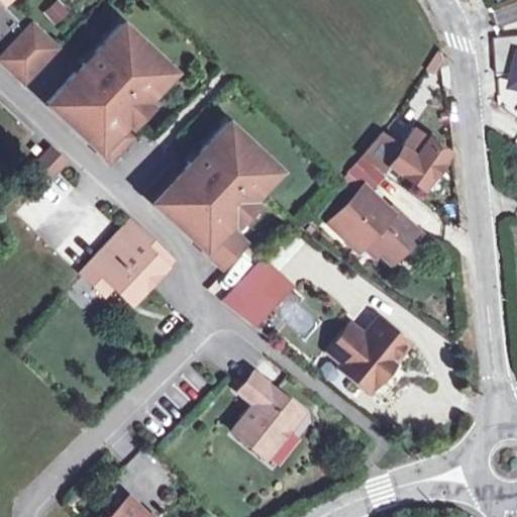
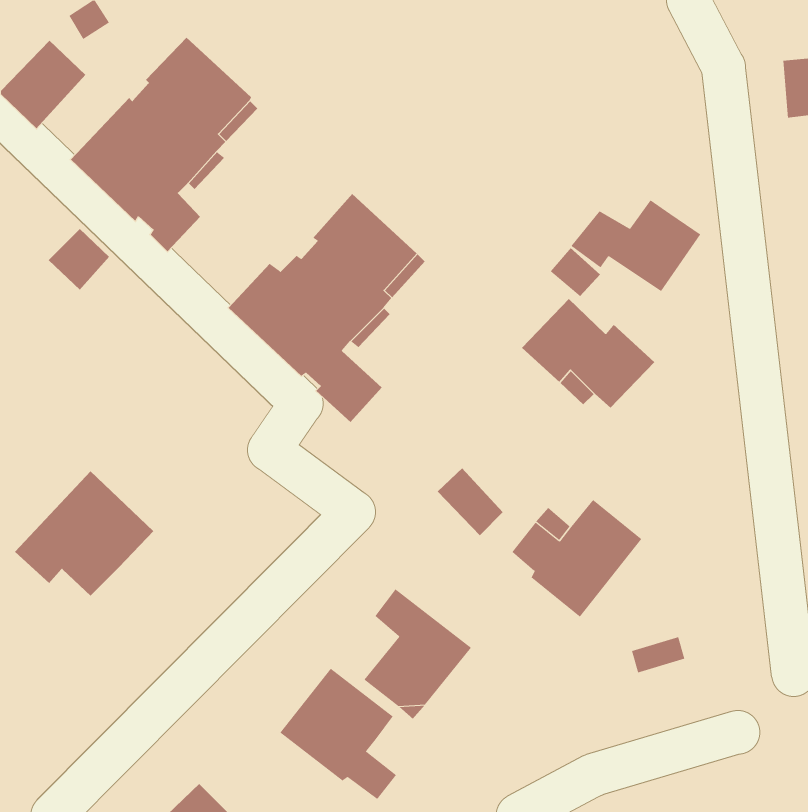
building: [84,223,173,303] -> [14,471,154,597]
building: [224,261,293,326] -> none
building: none -> [280,668,397,800]

